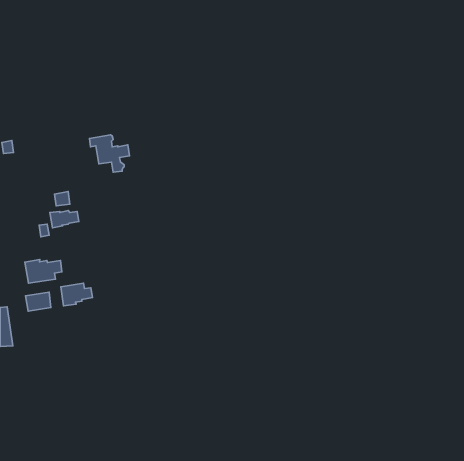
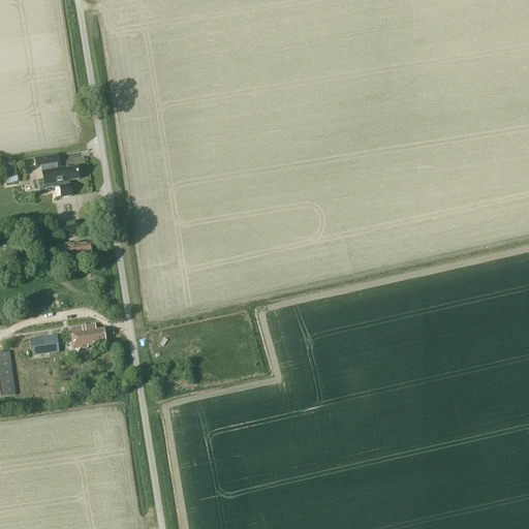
building: [90,135,130,172] -> [33,153,79,195]
building: [25,260,62,283] -> none

